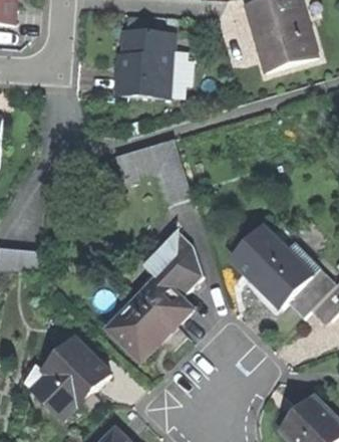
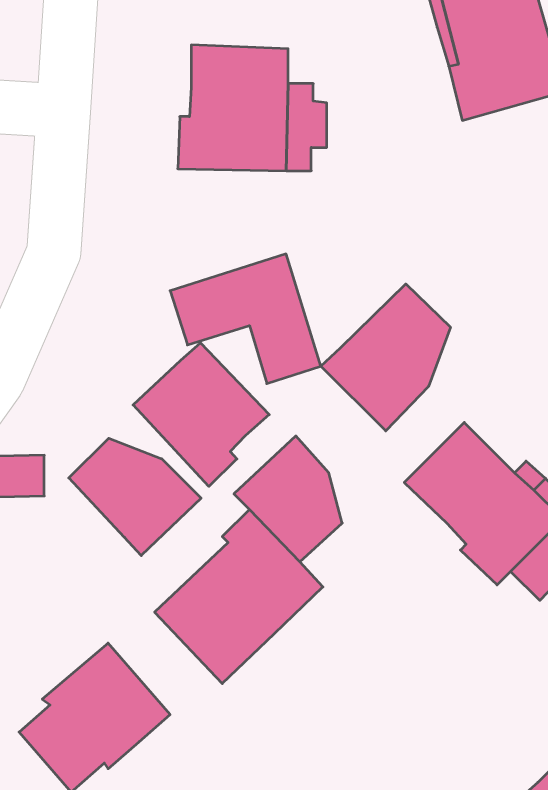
building: none -> [321,284,450,431]
building: none -> [133,343,269,486]
building: none -> [69,438,201,556]

